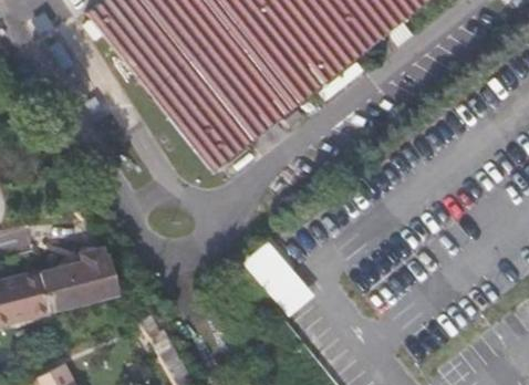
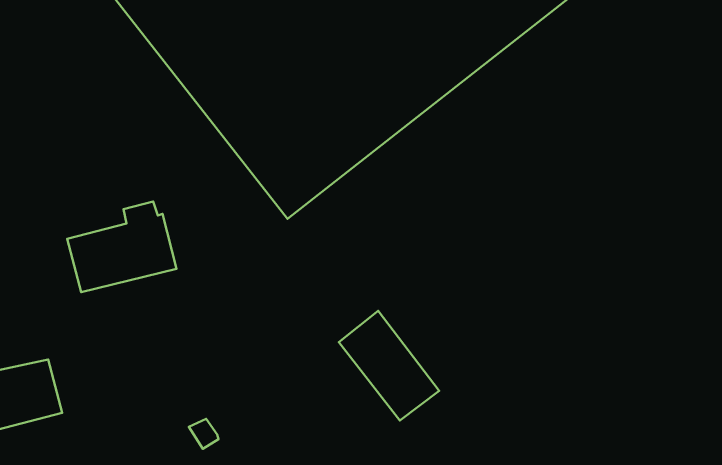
building: [40,246,117,310] -> [67,201,177,292]

